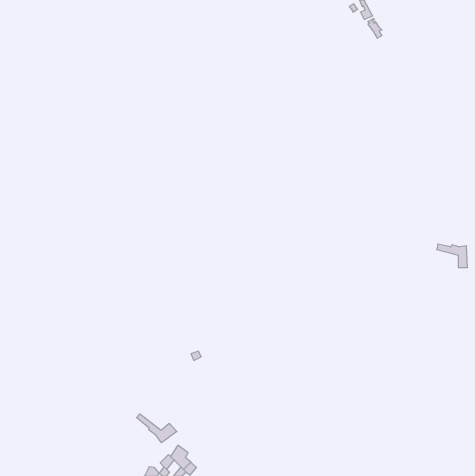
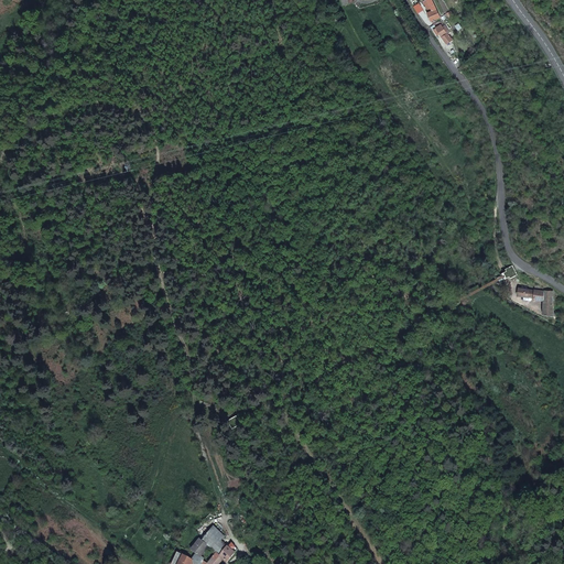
building: [137,414,177,443] -> none

